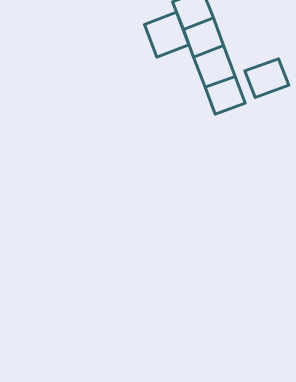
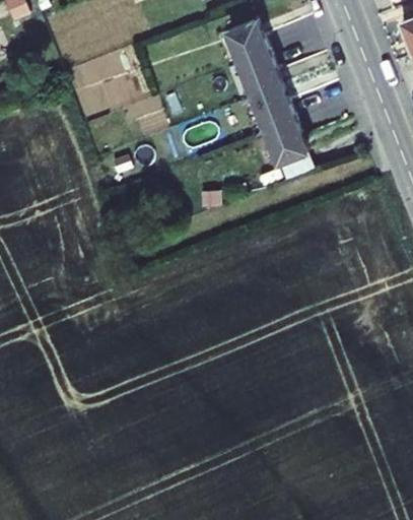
building: [145,12,189,57] -> none
building: [245,59,289,97] -> none

